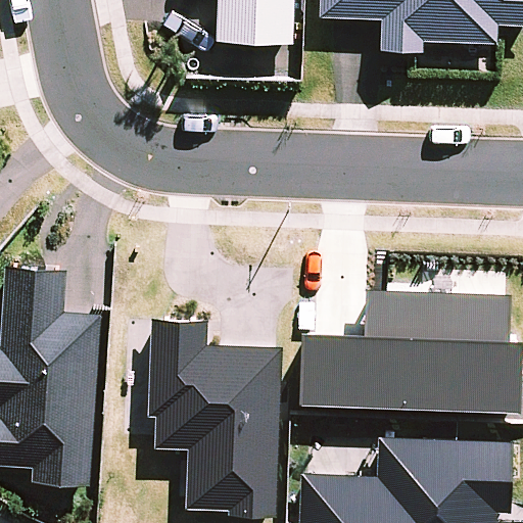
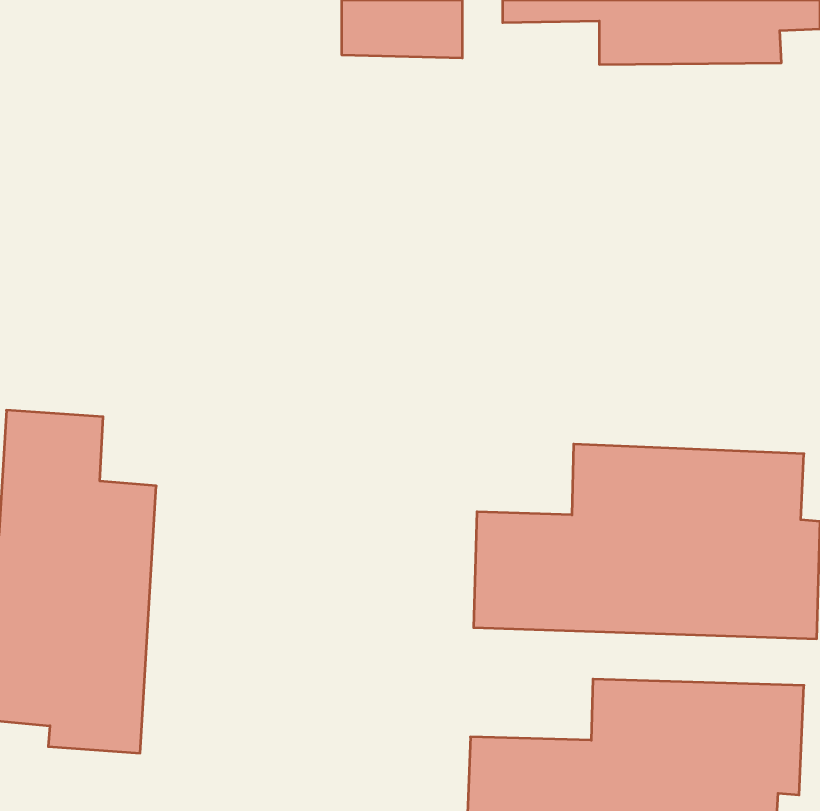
building: [150,320,279,514] -> none

